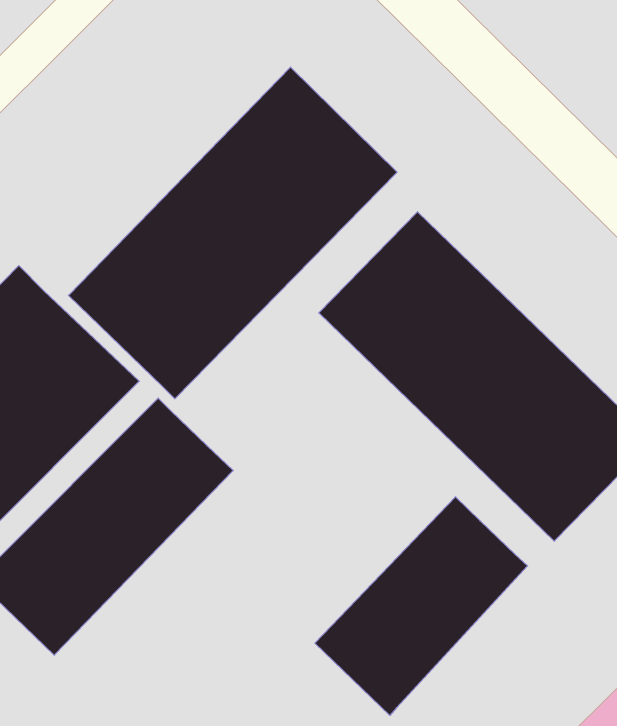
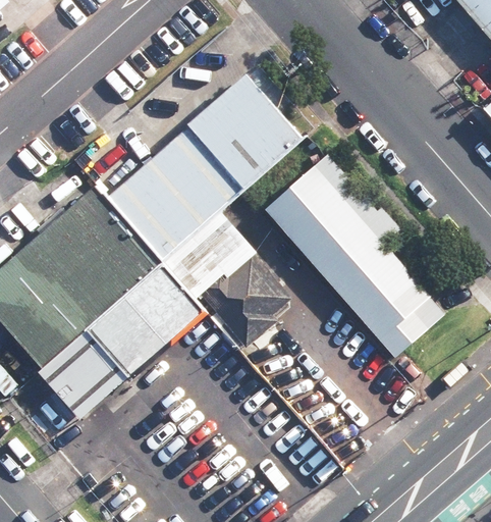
building: none -> [184,243,297,357]
building: [315,497,528,715] -> none

